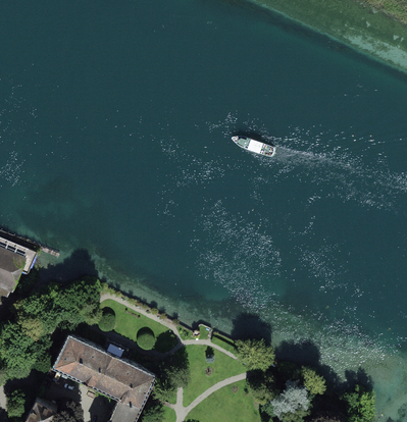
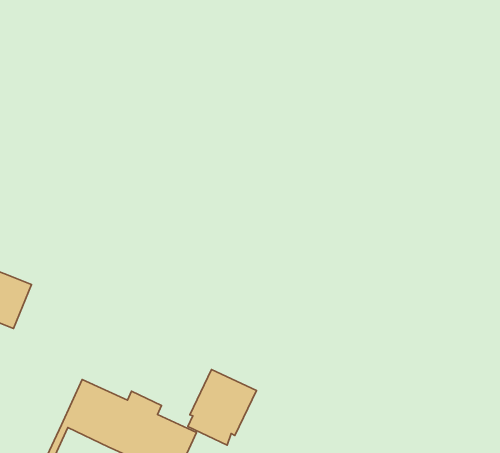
building: none -> [188,370,256,445]

